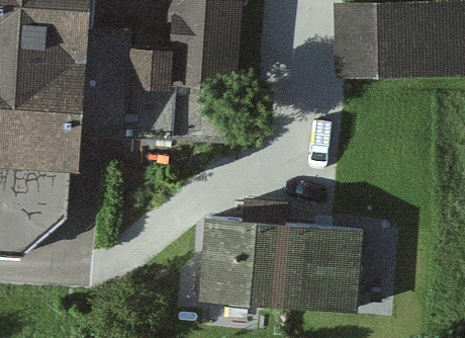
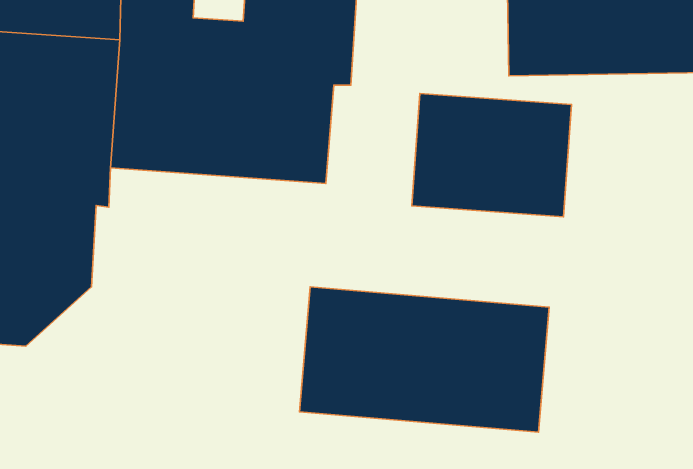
building: none -> [412,94,571,217]

